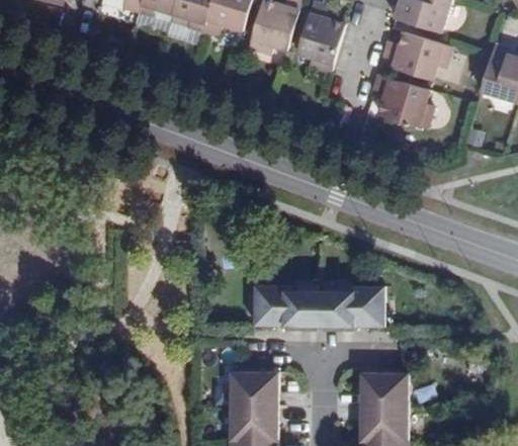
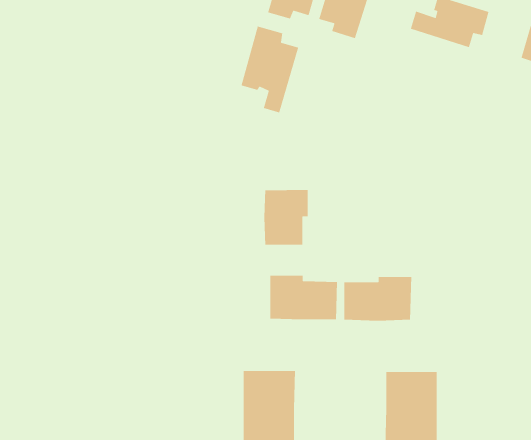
building: none -> [240,25,299,114]
building: [372,72,436,126] -> none
building: none -> [263,189,309,245]

